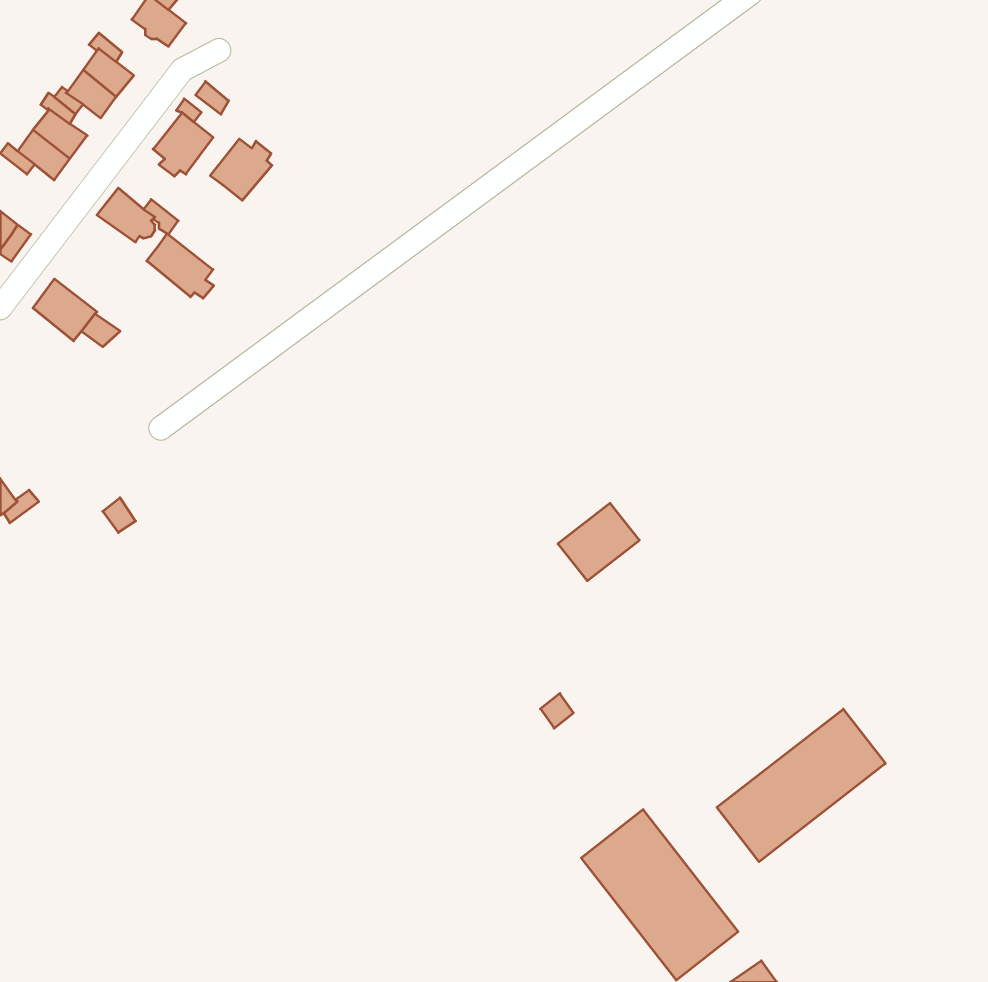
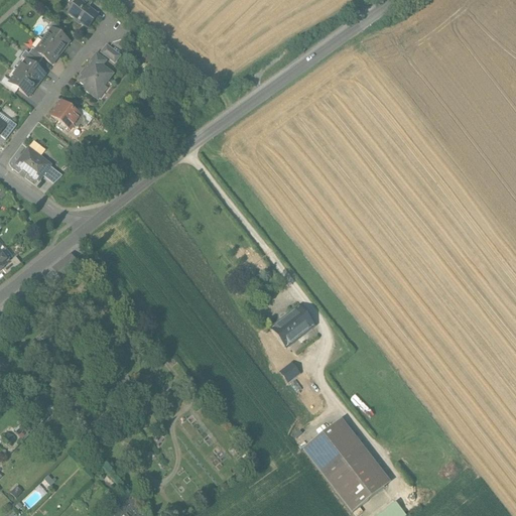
building: [210,139,272,200] -> none
building: [147,234,214,298] -> none
building: [558,503,639,581] -> [272,304,314,345]
building: [717,709,885,862] -> none

